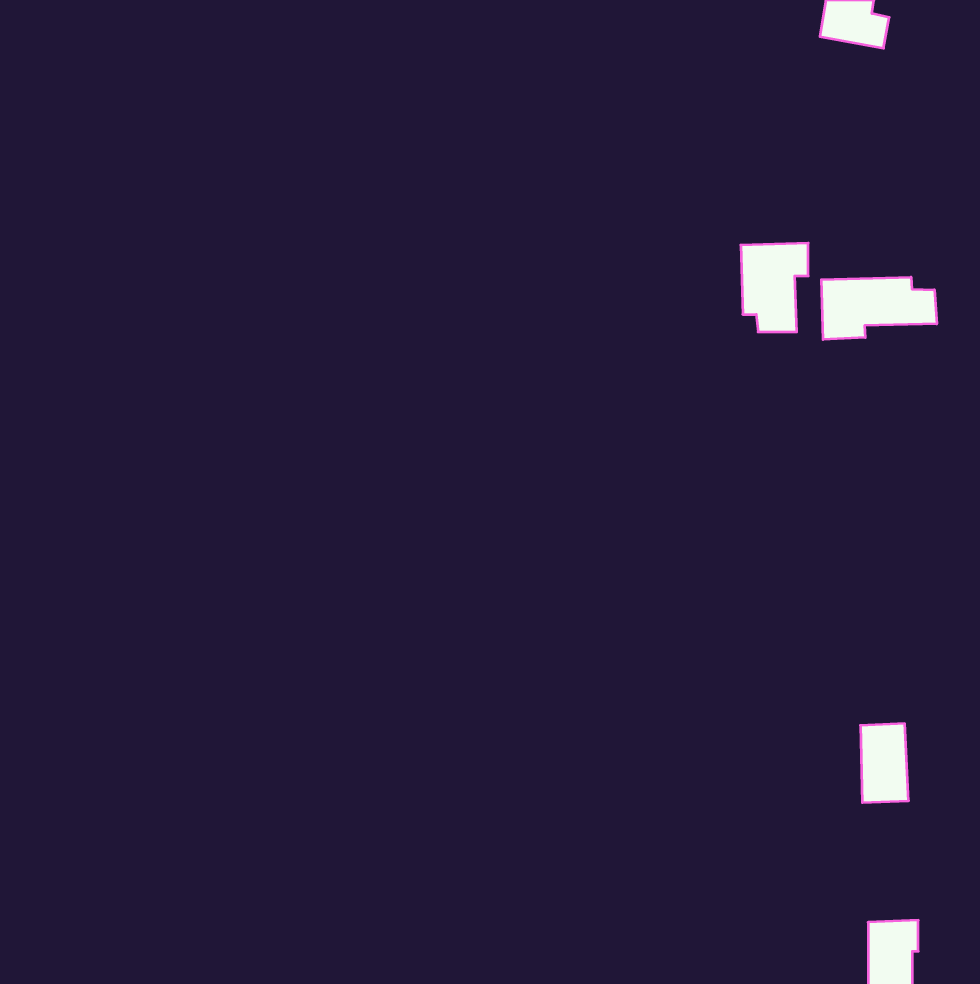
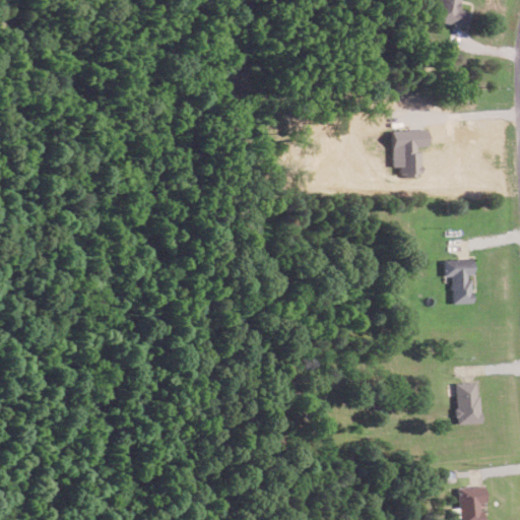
building: [821,277,937,340] -> none
building: none -> [445,259,475,303]

